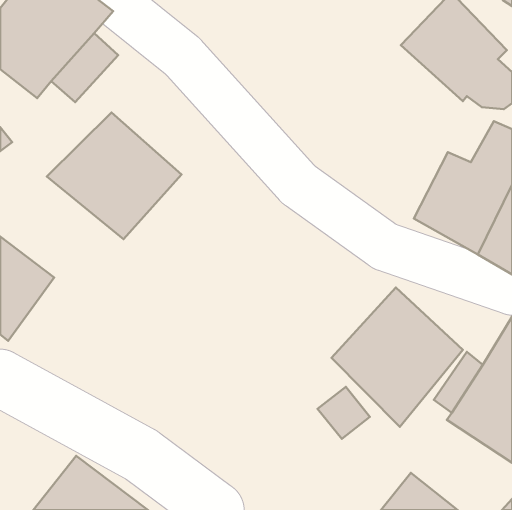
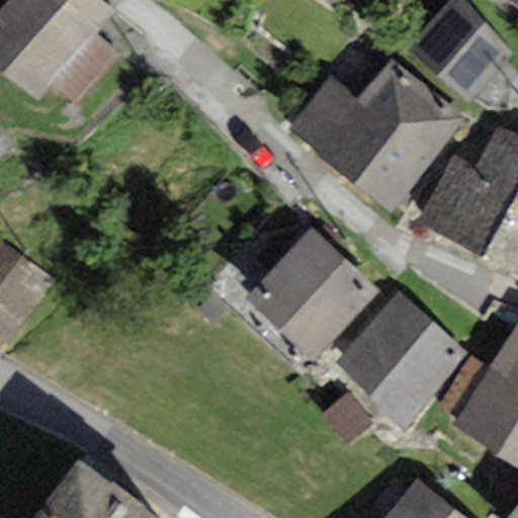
building: none -> [289,60,462,209]
building: [47,113,181,239] -> none
building: none -> [244,228,377,360]

